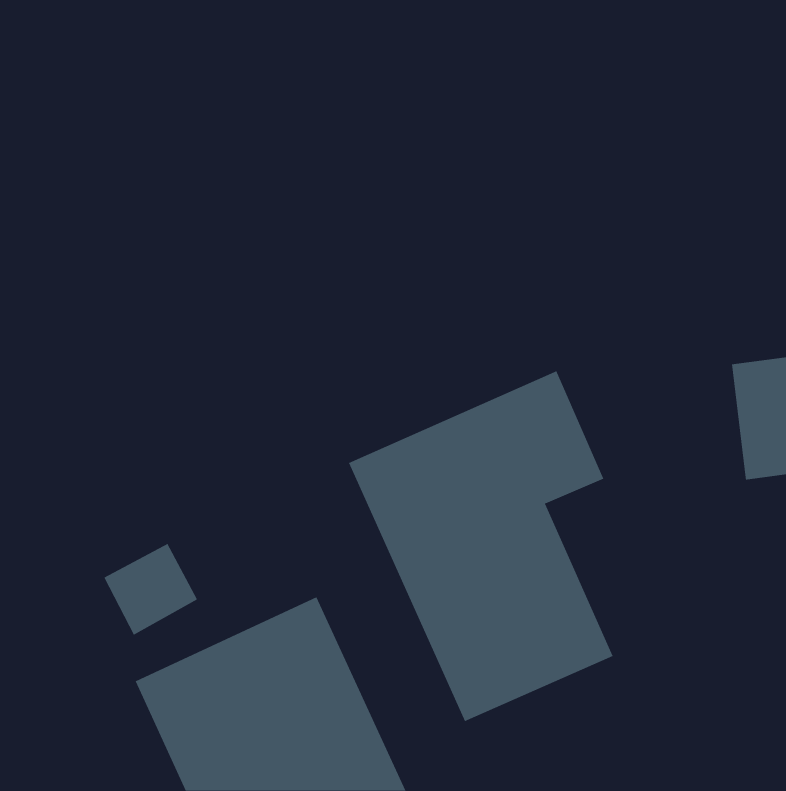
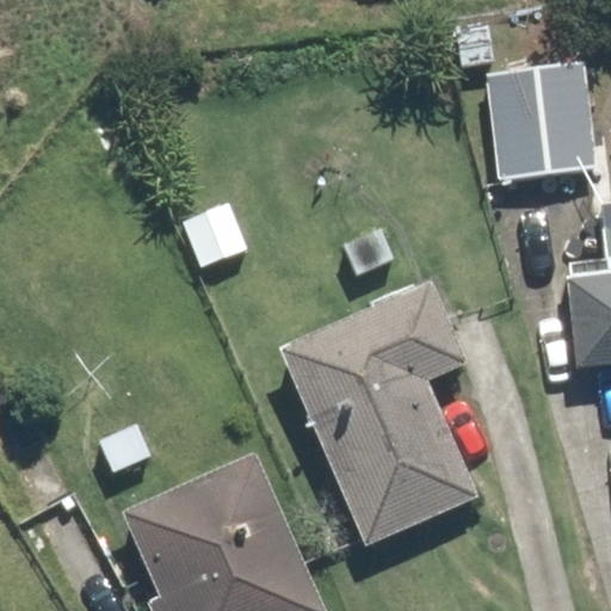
building: none -> [487,58,597,180]

